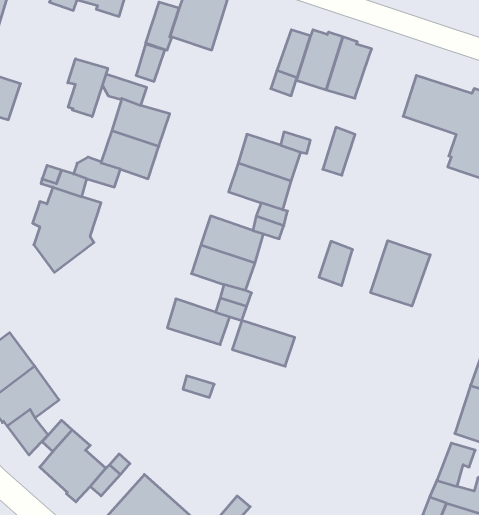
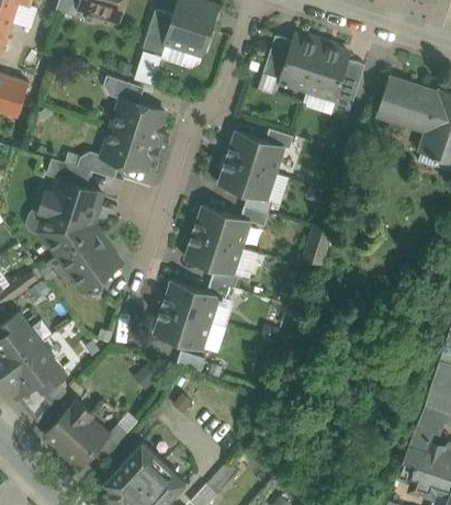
building: [68,59,108,117] -> none
building: [323,127,355,175] -> [335,58,364,102]
building: [371,241,430,306] -> none
building: none -> [59,229,121,295]
building: [232,321,295,366] -> [154,307,211,349]

